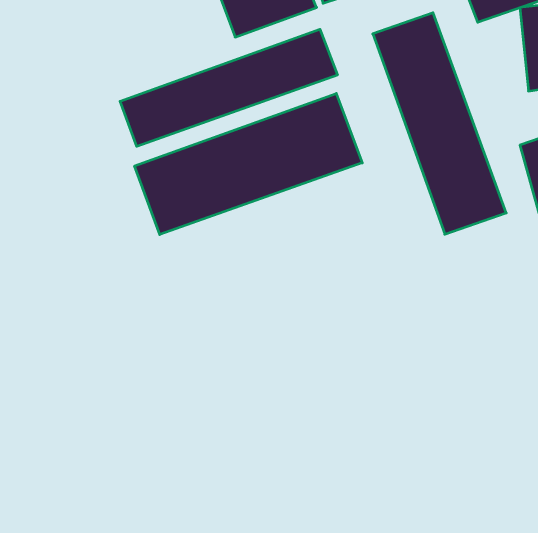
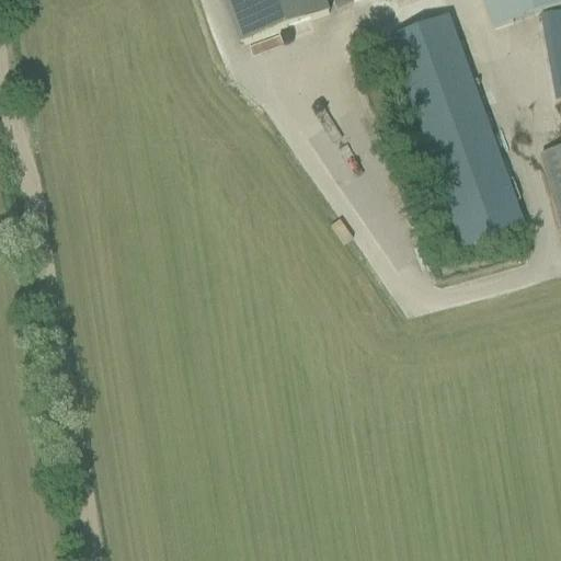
building: [120,29,337,146] -> none
building: [135,93,362,235] -> none

